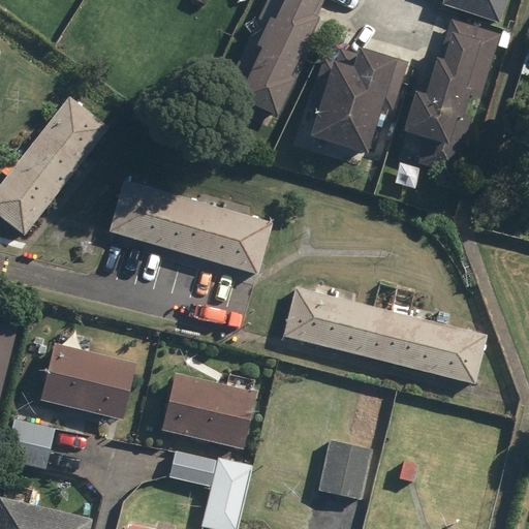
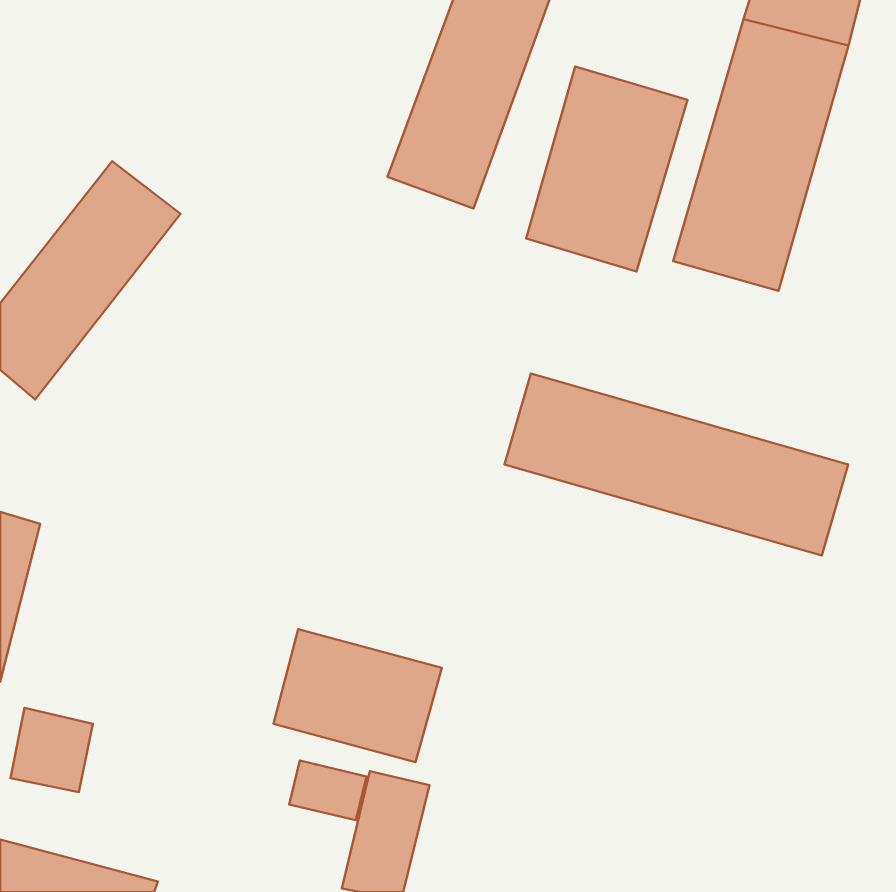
building: [108,182,272,277] -> none
building: [282,283,485,391] -> [505,373,848,556]
building: [41,341,138,419] -> none
building: [319,442,373,501] -> none

